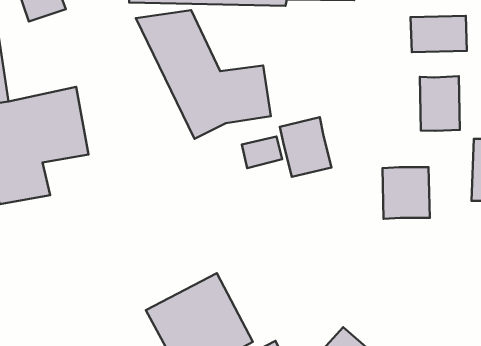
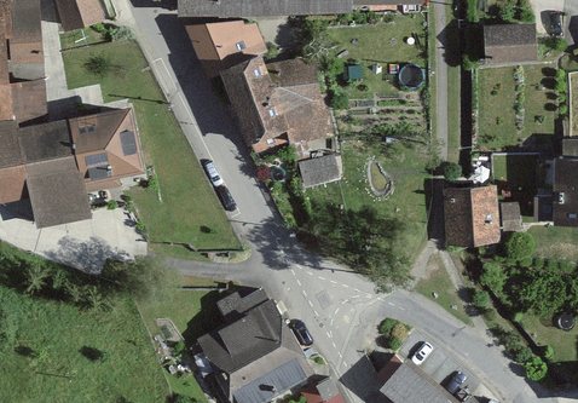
building: [420,76,460,131] -> none
building: [280,117,332,177] -> none

